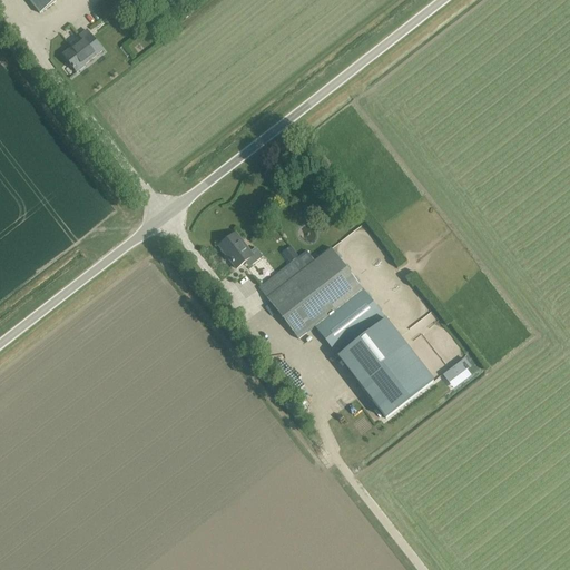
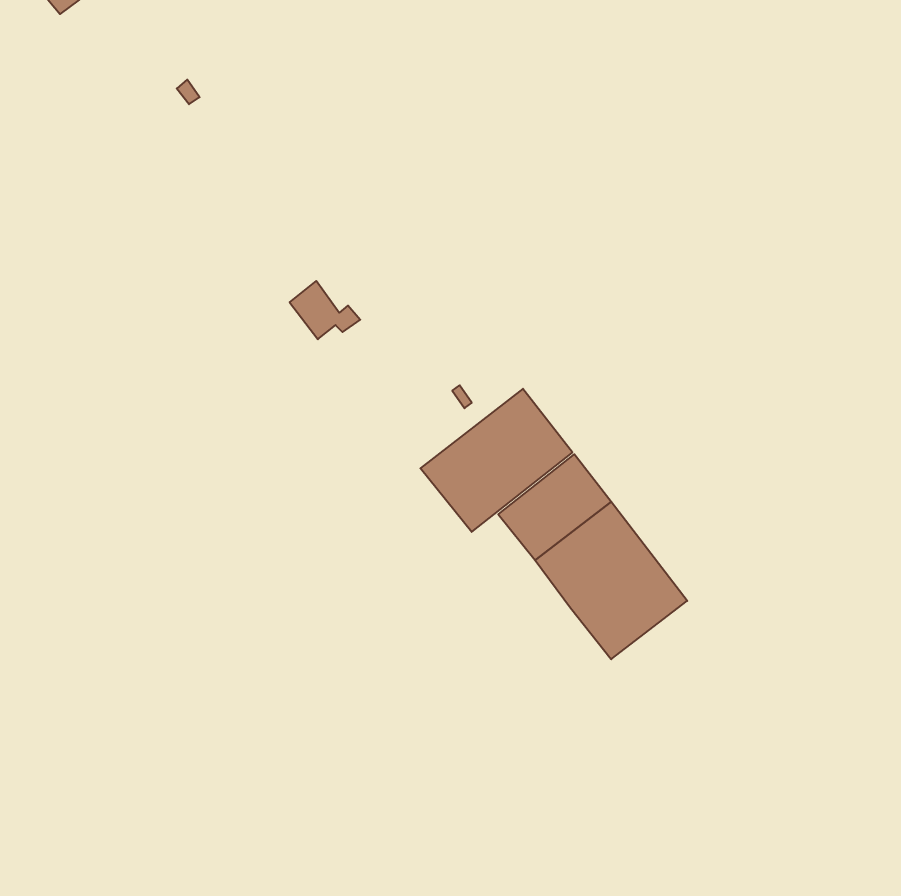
building: [61,26,101,68] -> none
building: [217,228,262,265] -> [290,281,360,339]

